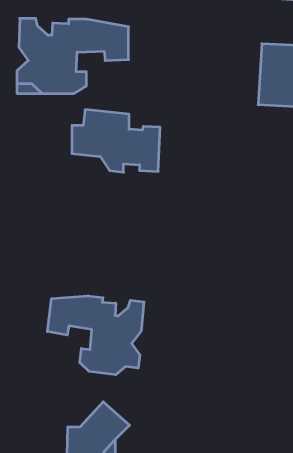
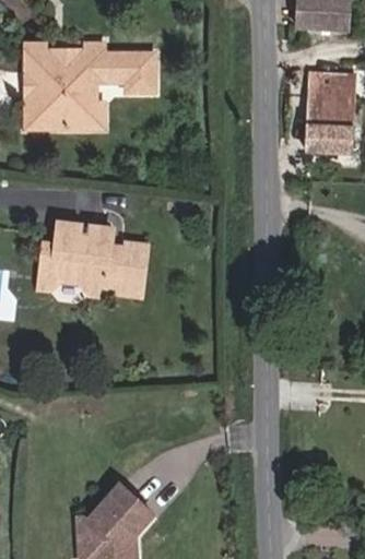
building: [72,110,160,172] -> [44,229,146,302]
building: [47,296,144,375] -> none

